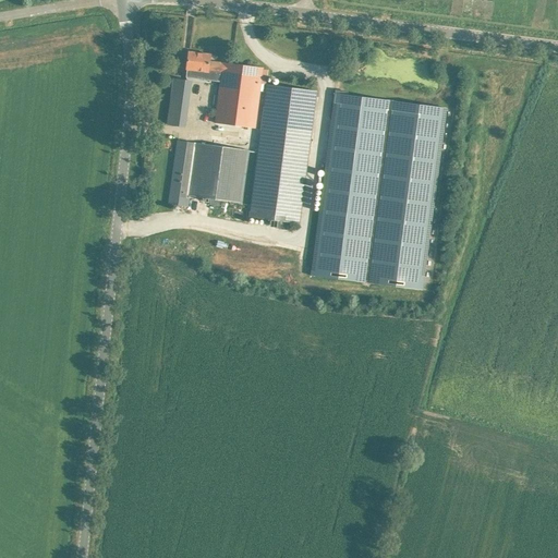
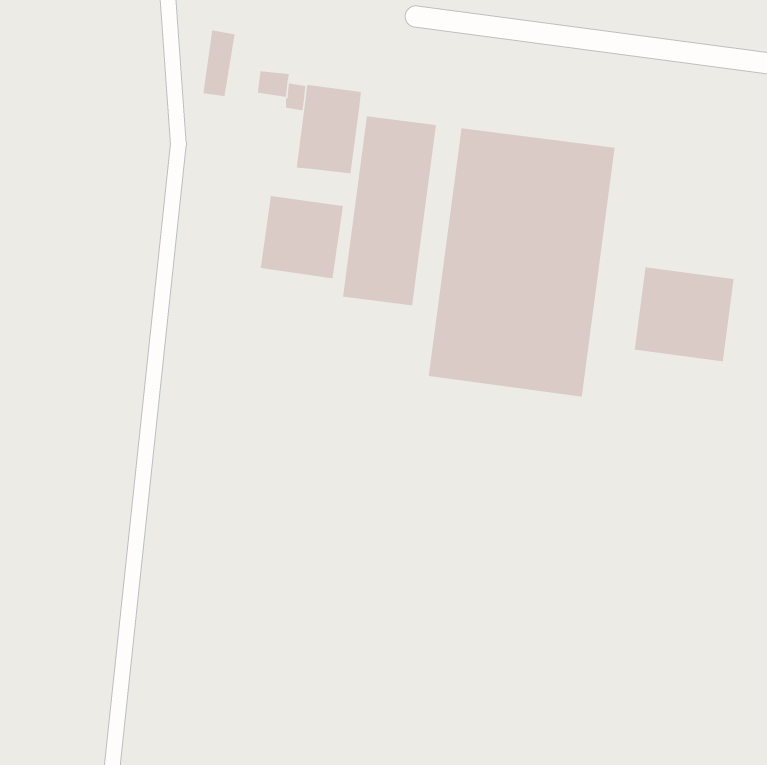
building: [165,76,189,125] -> [203,29,236,97]
building: [169,140,196,205] -> none
building: none -> [634,267,734,362]

